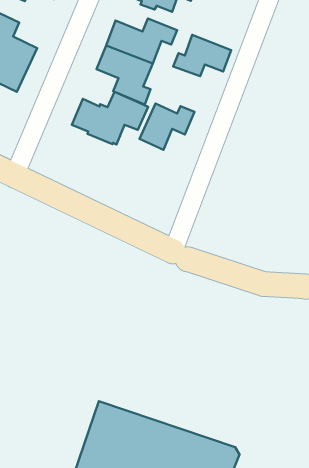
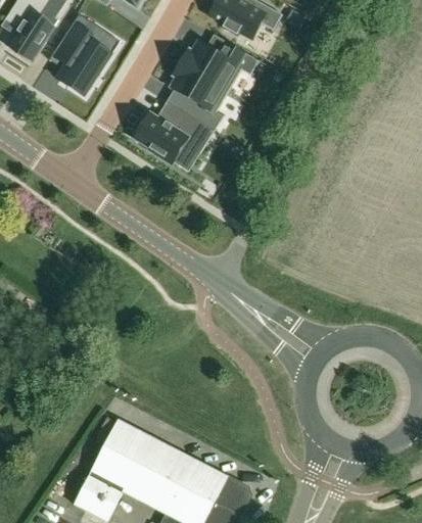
building: [173,35,231,76] -> none
building: [140,104,195,150] -> none

